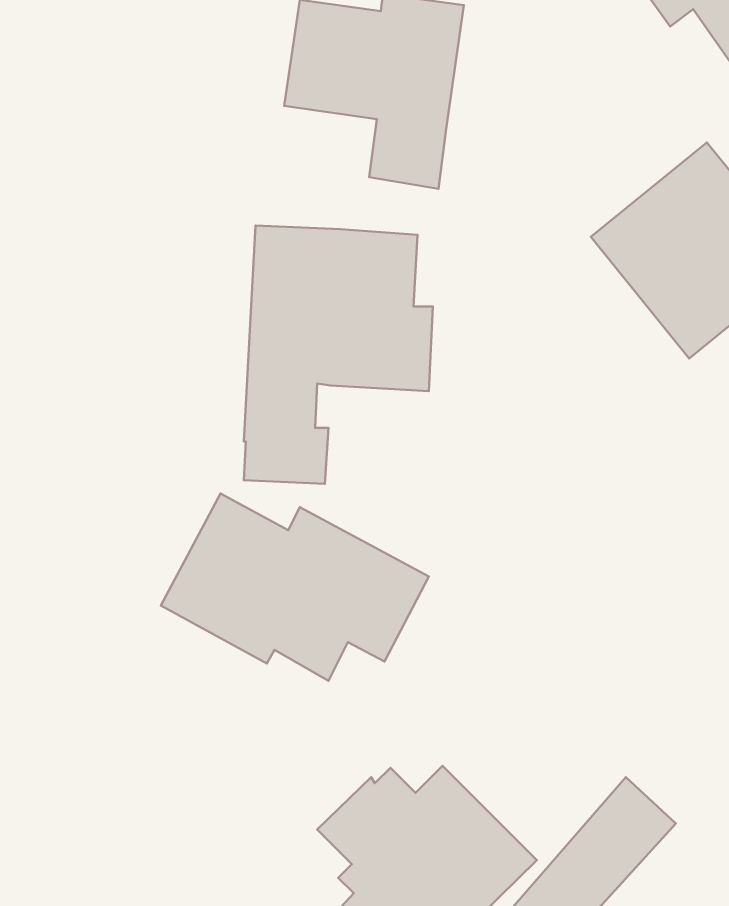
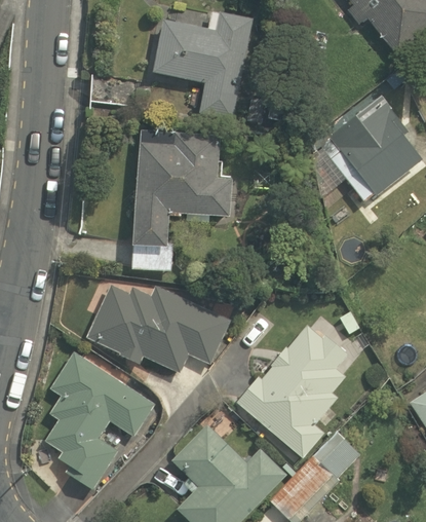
building: none -> [237,309,365,458]
building: none -> [44,353,152,489]

